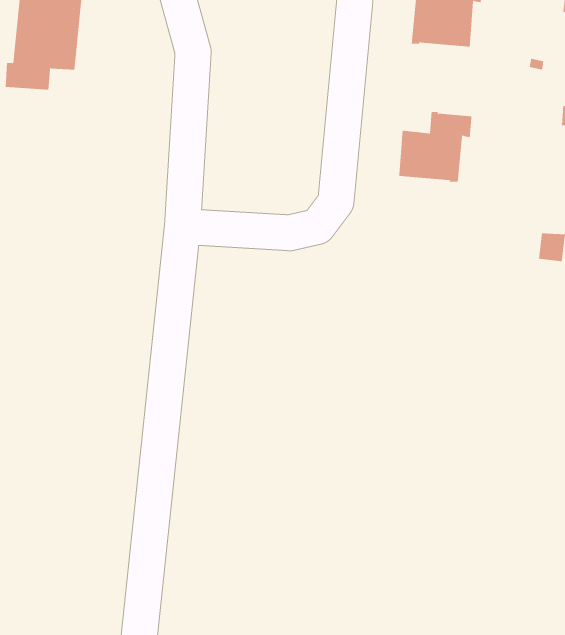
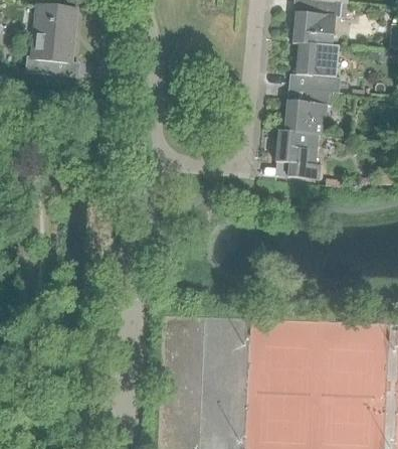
building: none -> [295,41,340,91]
building: none -> [275,128,320,178]

